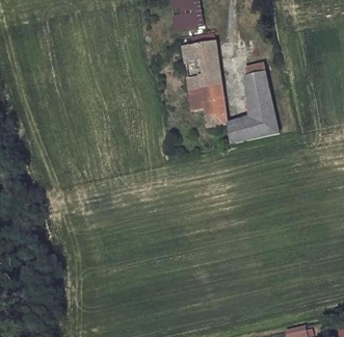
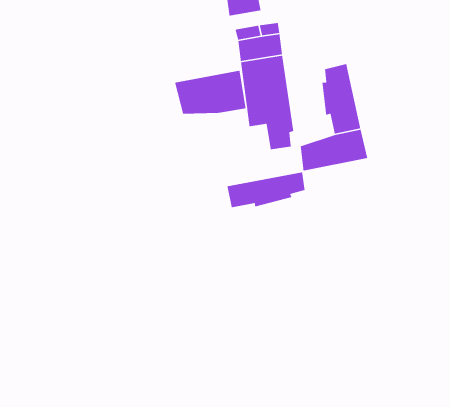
building: none -> [174,70,246,114]
building: none -> [227,171,306,208]

